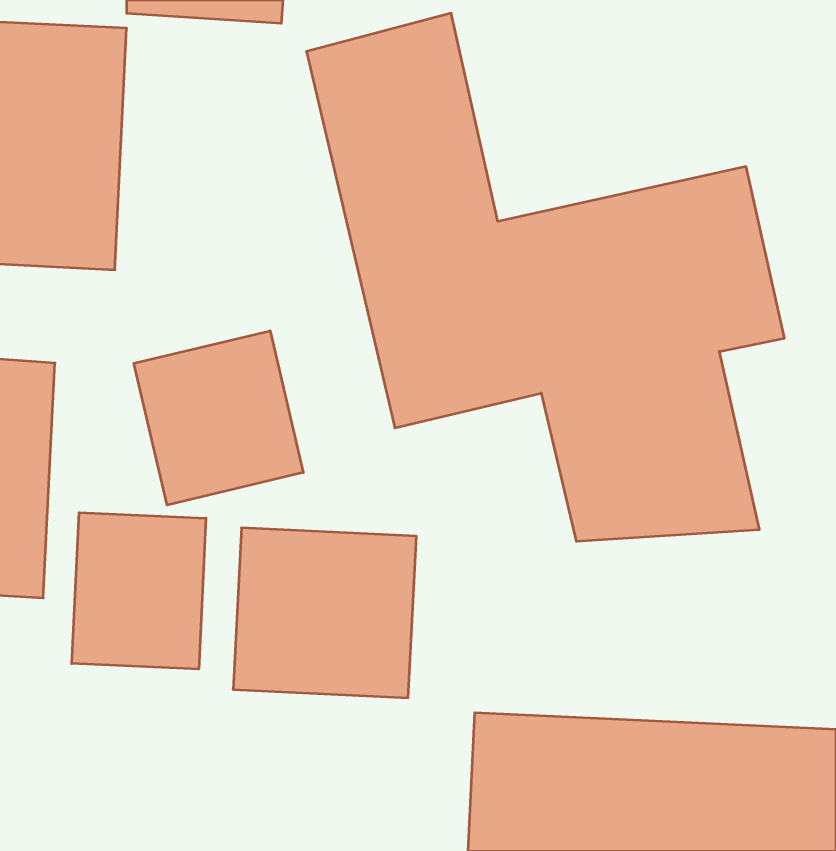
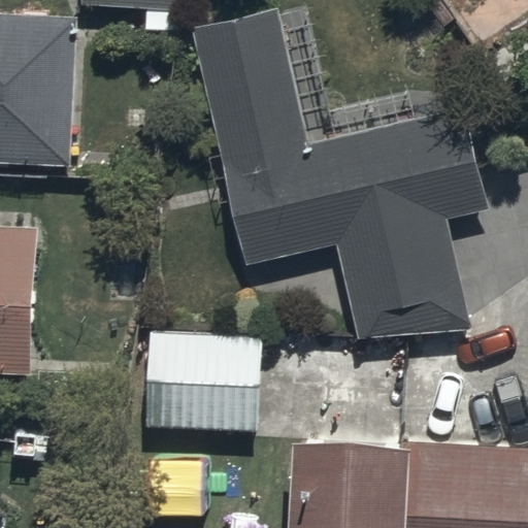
building: [134,331,303,505] -> none
building: [72,513,206,669] -> none

